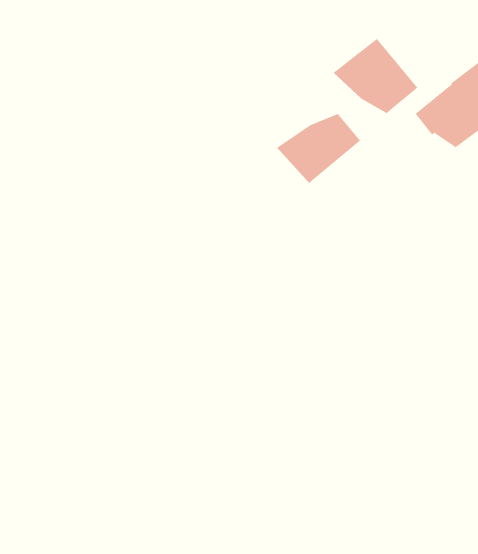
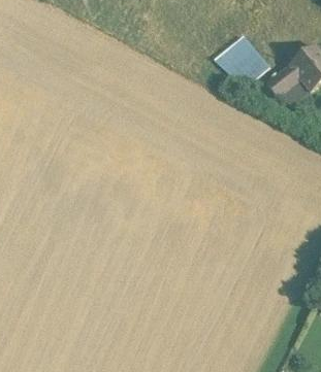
building: [276,113,361,184] -> none

